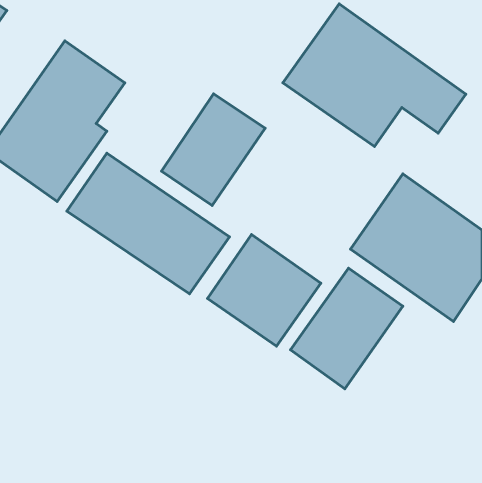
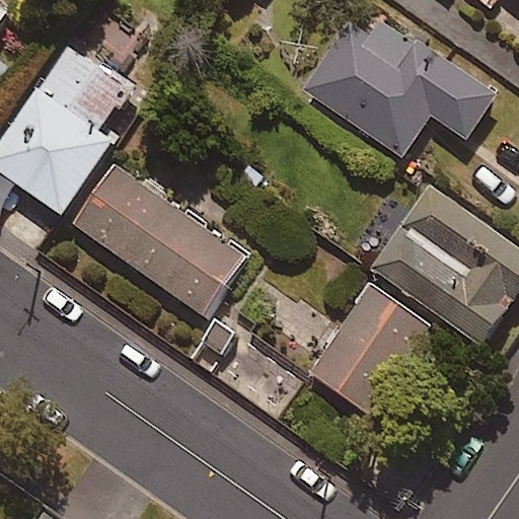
building: [162,94,265,205] -> none
building: [208,234,321,346] -> none

